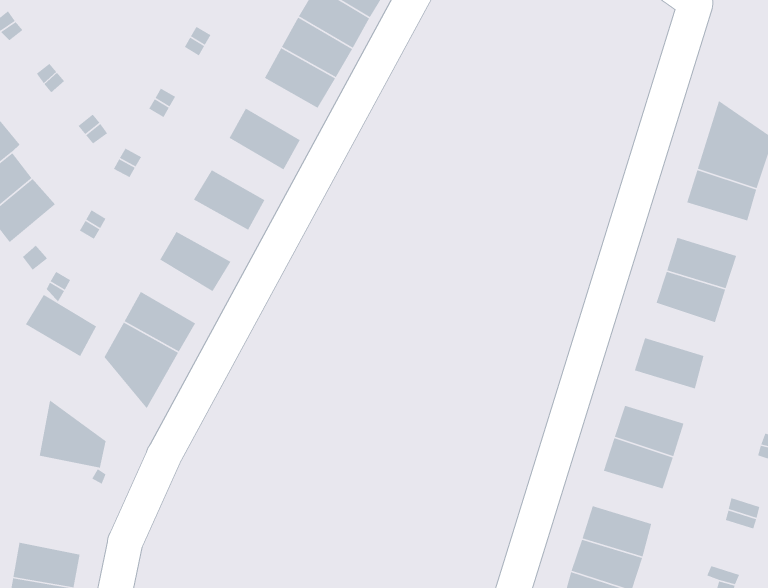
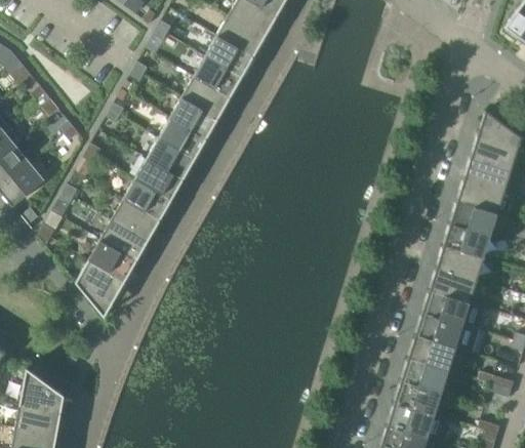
building: none -> [170,96,218,137]
building: none -> [148,136,196,177]
building: none -> [124,177,172,218]
building: none -> [457,179,504,214]
building: [25,294,97,357] -> [100,217,149,259]
building: none -> [436,246,483,281]
building: none -> [422,291,470,326]
building: [39,399,107,469] -> [19,367,65,413]
building: none -> [401,358,448,393]

